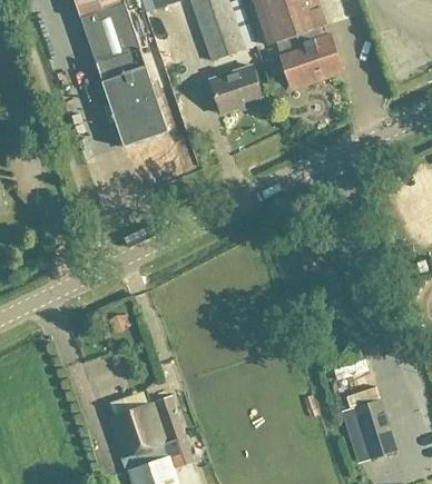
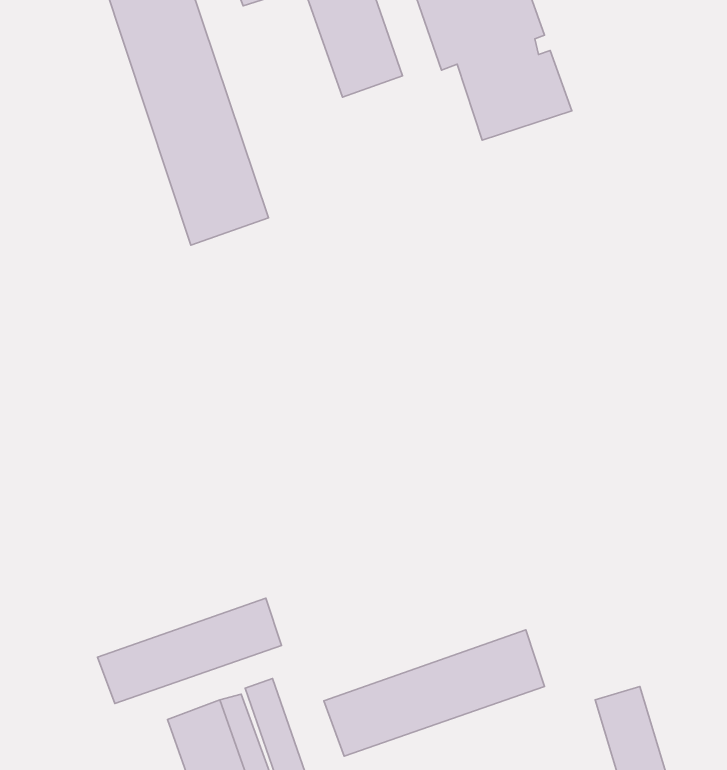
building: [208,66,263,112] -> none
building: none -> [98,598,282,704]
building: none -> [324,630,545,756]

